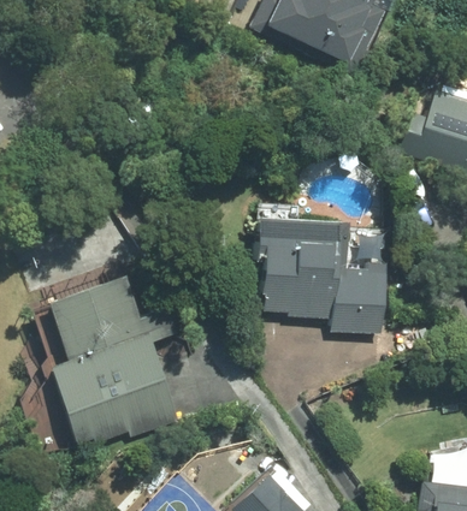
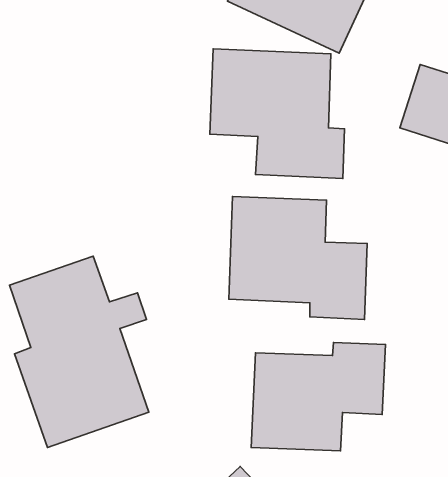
building: none -> [210,49,344,179]
building: none -> [251,343,385,451]

